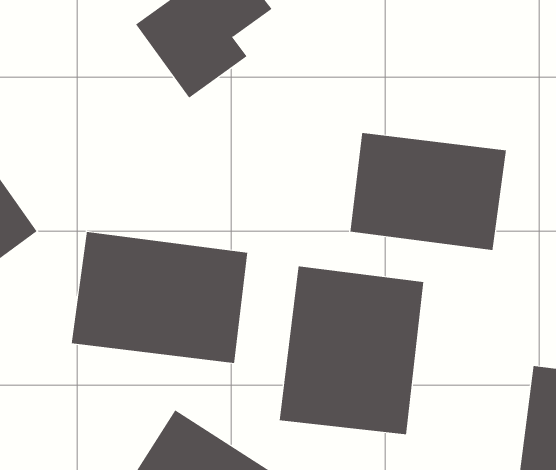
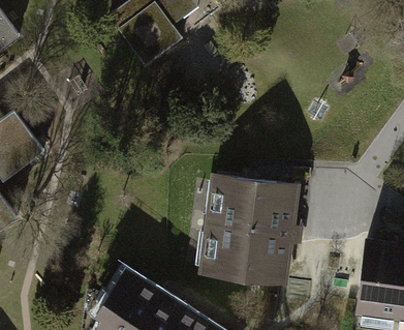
building: [350,132,506,251] -> none
building: [71,231,248,364] -> none

